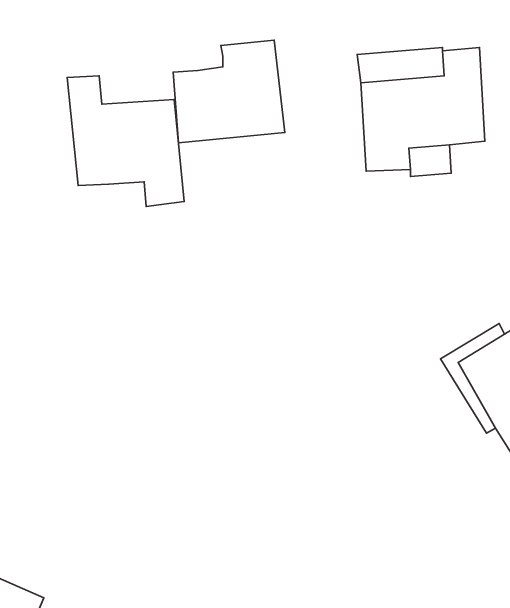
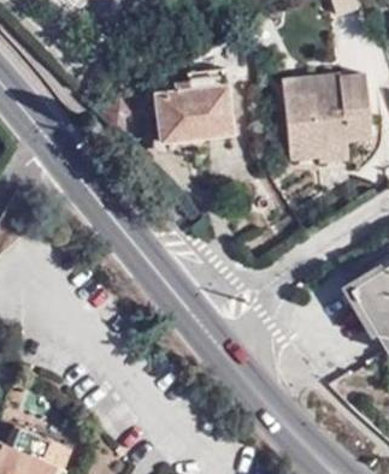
building: [67,76,184,206] -> none

